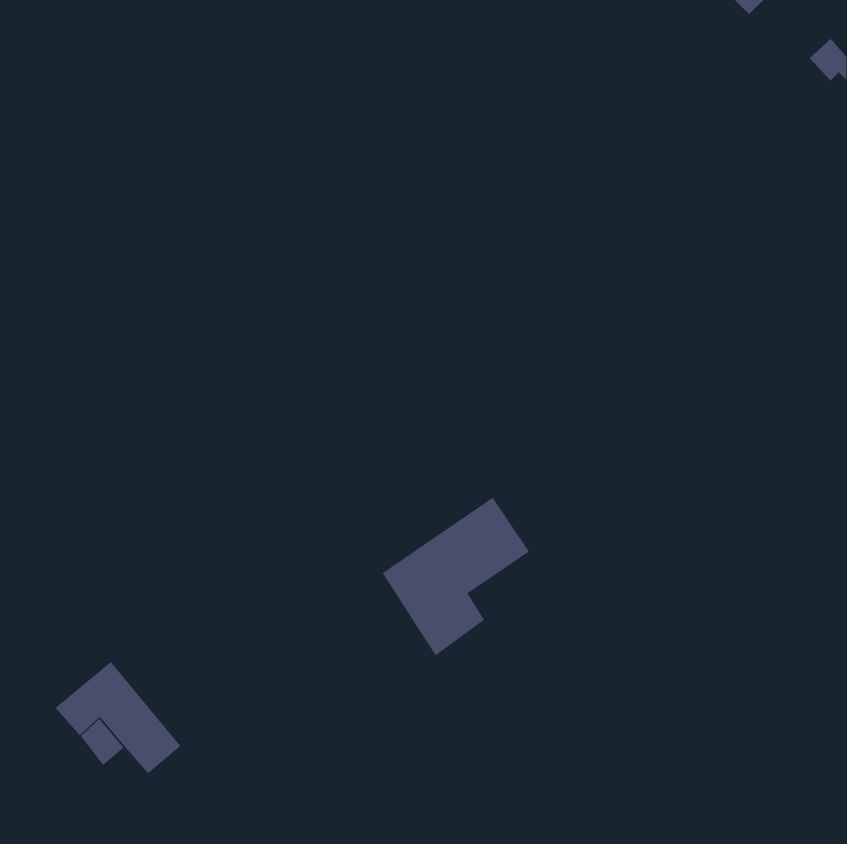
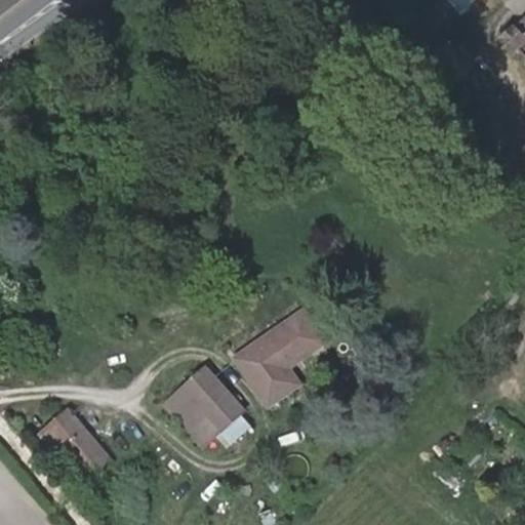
building: none -> [165,366,242,444]

